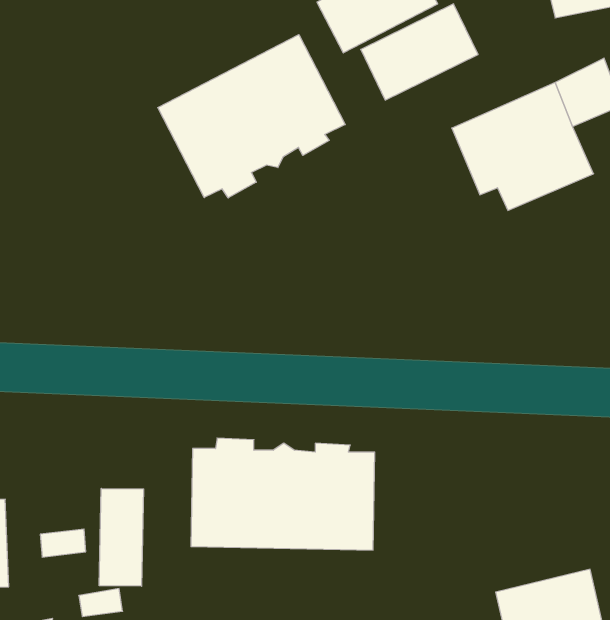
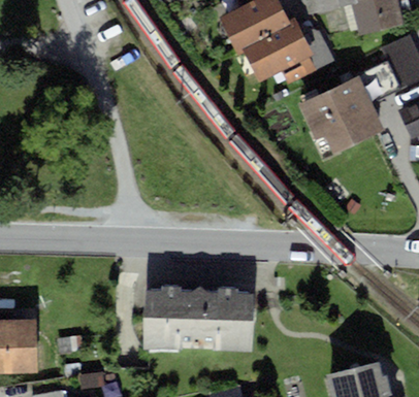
building: [158,35,345,198] -> none
building: [99,488,144,586] -> none

